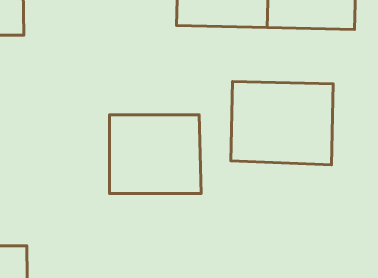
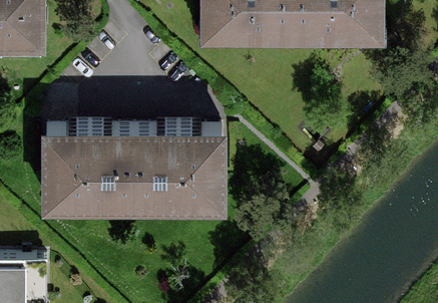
building: [231,82,333,165] -> none
building: none -> [41,131,131,212]

